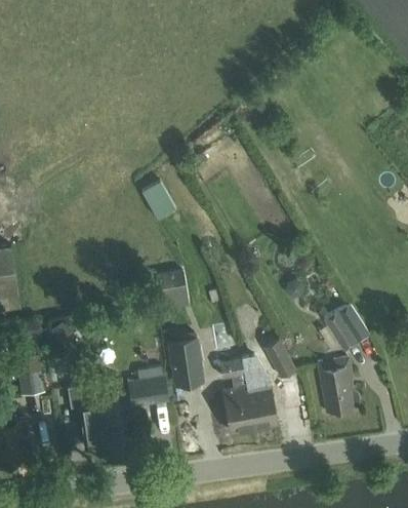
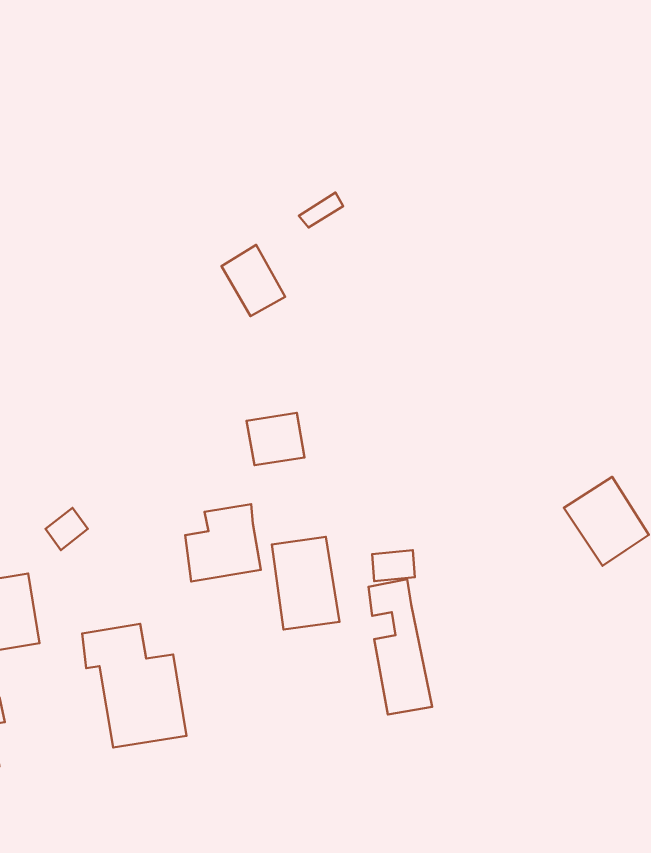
building: [264,340,296,379] -> none
building: [318,359,360,415] -> none
building: [128,366,168,407] -> [185,504,261,581]
building: [243,368,277,428] -> none

